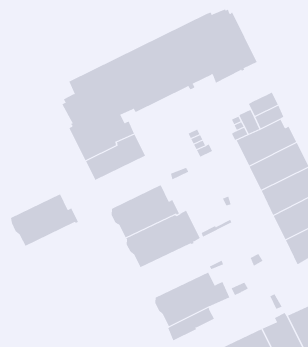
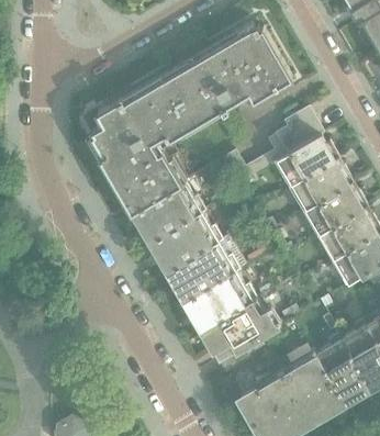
building: [10,194,79,247] -> [134,186,205,243]
building: none -> [186,273,257,332]

